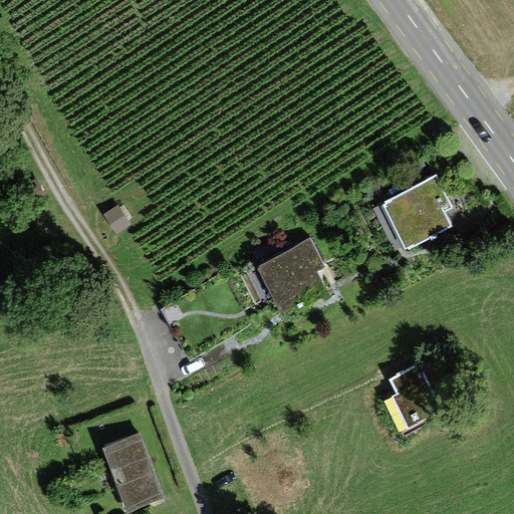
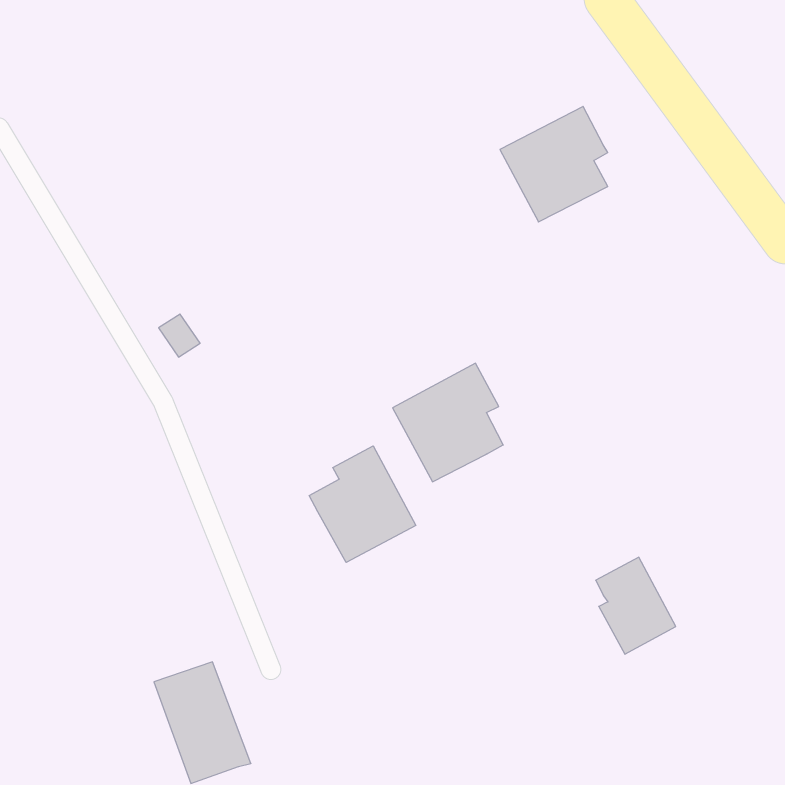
building: [380,175,451,250] -> [500,106,608,222]
building: none -> [309,446,416,562]

